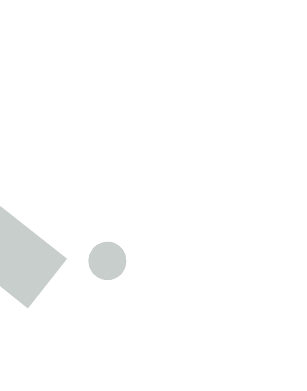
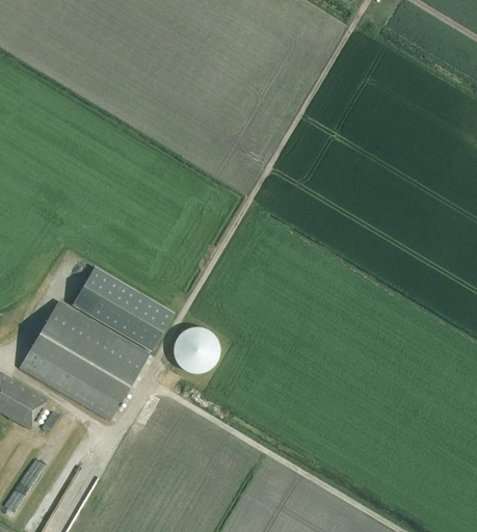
building: none -> [73,267,174,351]

